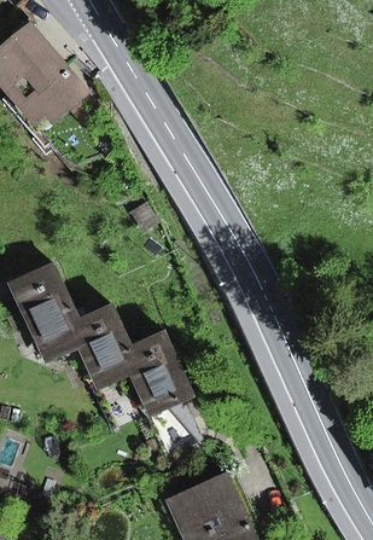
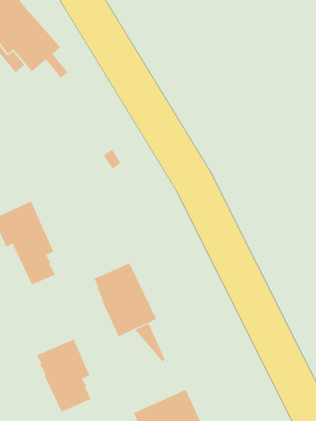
building: [69,306,130,388] -> [36,339,91,412]

